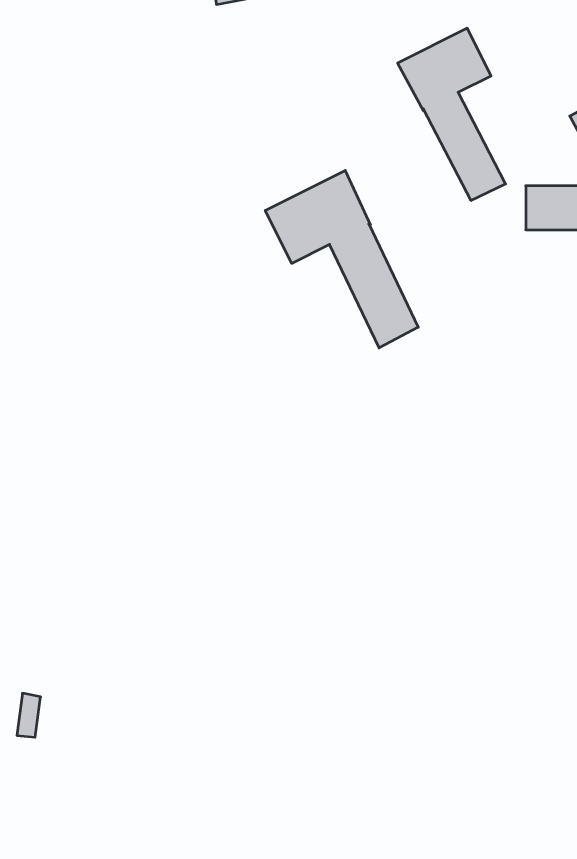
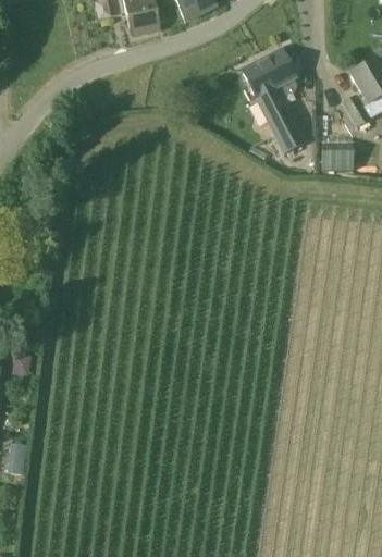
building: [265,170,418,348] -> none

